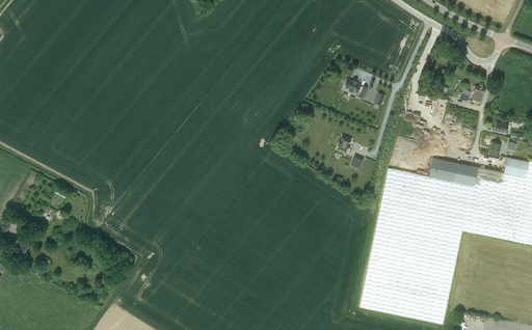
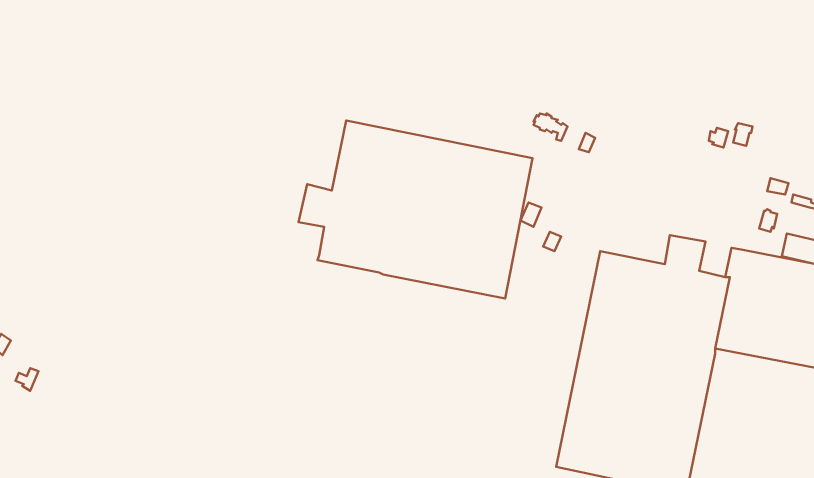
building: none -> [299,121,533,299]

